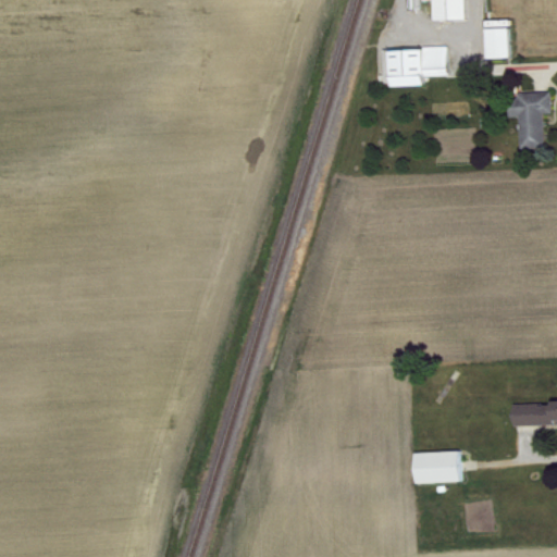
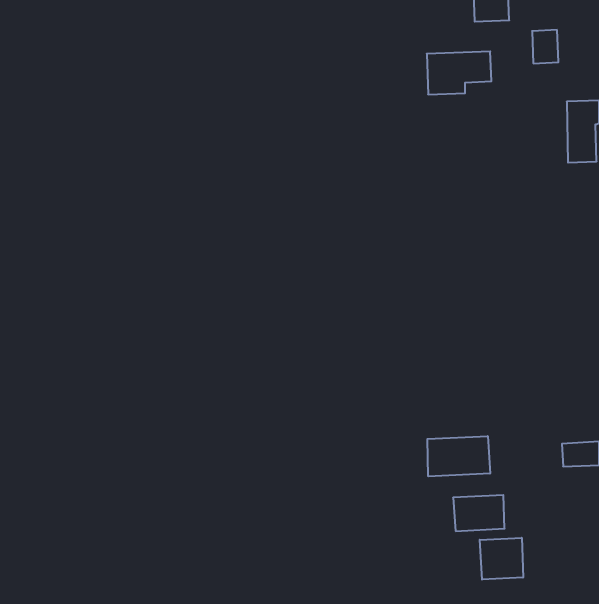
building: none -> [427,436,490,476]
building: none -> [480,538,523,580]

